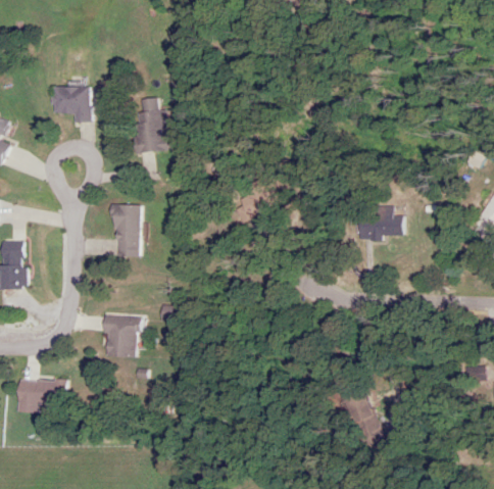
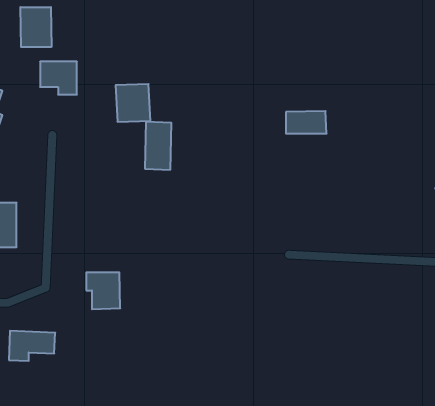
building: none -> [20,7,51,47]
building: [109,204,138,256] -> [145,122,171,170]
building: [364,213,408,238] -> [286,111,327,134]

